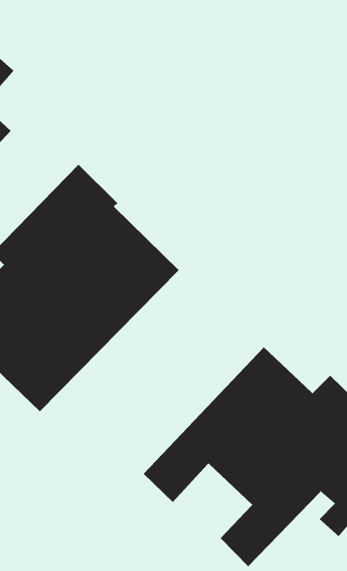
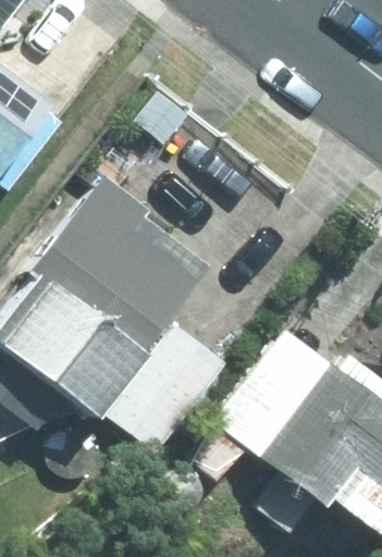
building: none -> [95,322,220,454]

